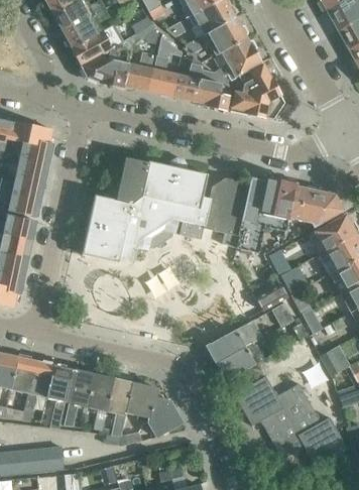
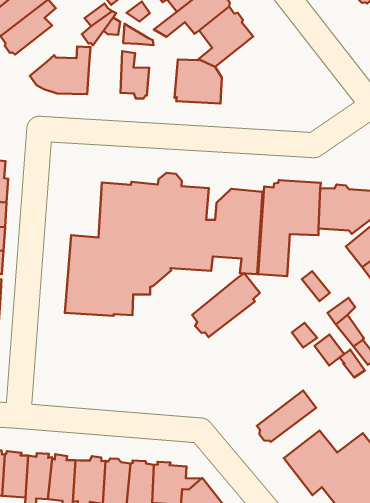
building: [71,29,124,66] -> none
building: [124,54,153,89] -> none
building: [230,62,283,117] -> none
building: [170,66,200,100] -> none
building: [207,320,262,365] -> [192,273,260,337]

